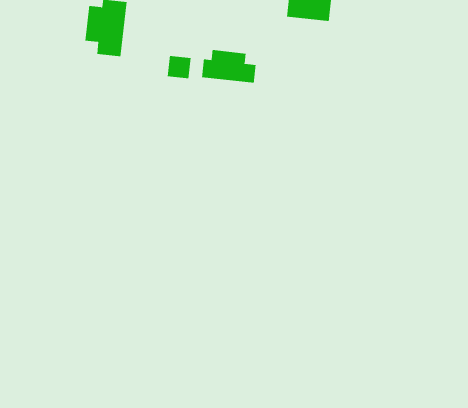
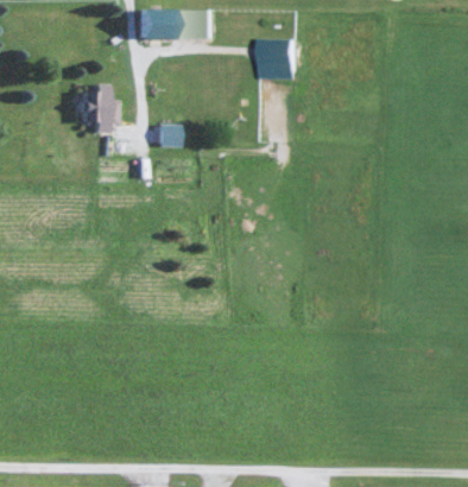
building: [201,49,256,84] -> none

